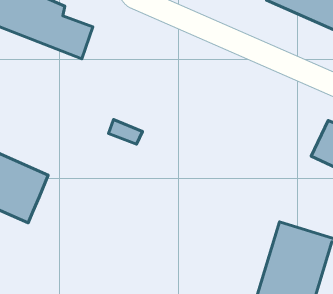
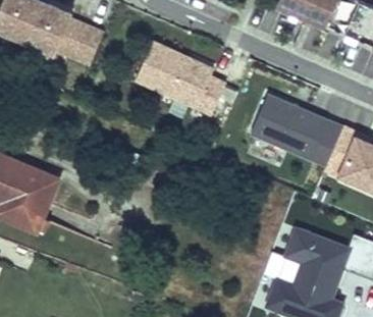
building: none -> [131,42,227,114]
building: none -> [250,96,341,165]

